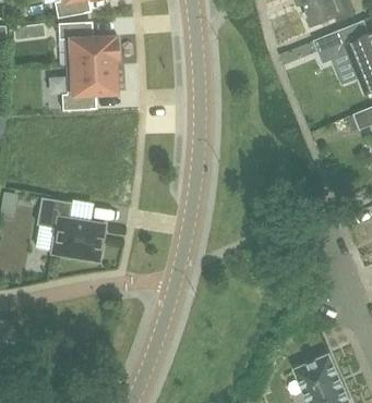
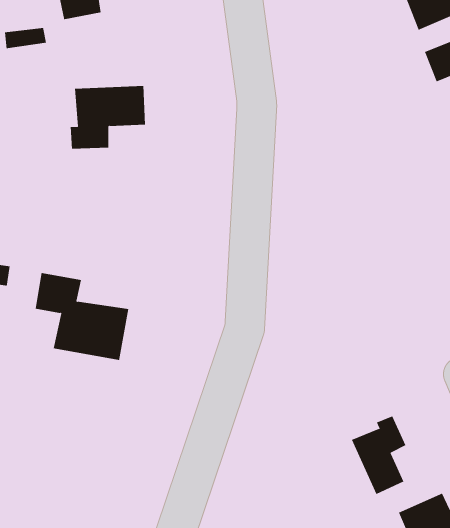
building: [58,22,117,66] -> none
building: none -> [351,415,406,495]

